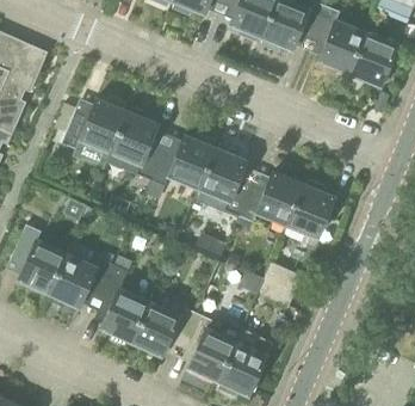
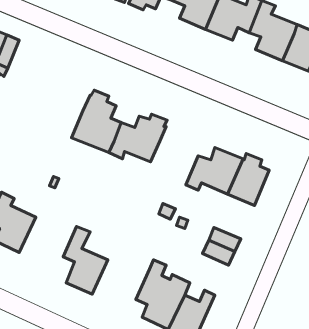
building: [61,98,128,168] -> none
building: [193,144,252,216] -> none
building: [47,253,112,307] -> none
building: [130,290,196,356] -> none

